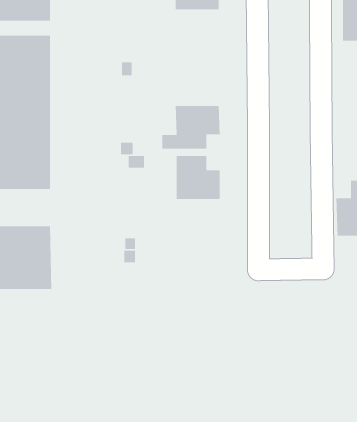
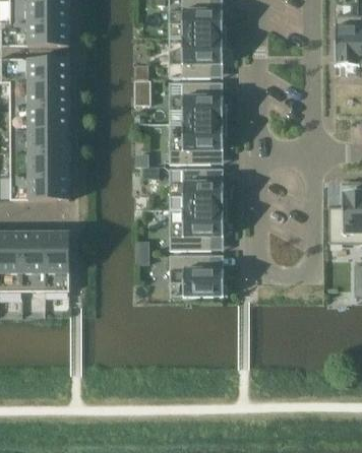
building: none -> [182,35,223,75]
building: none -> [182,80,223,121]
building: none -> [170,207,224,248]
building: none -> [170,253,224,295]

